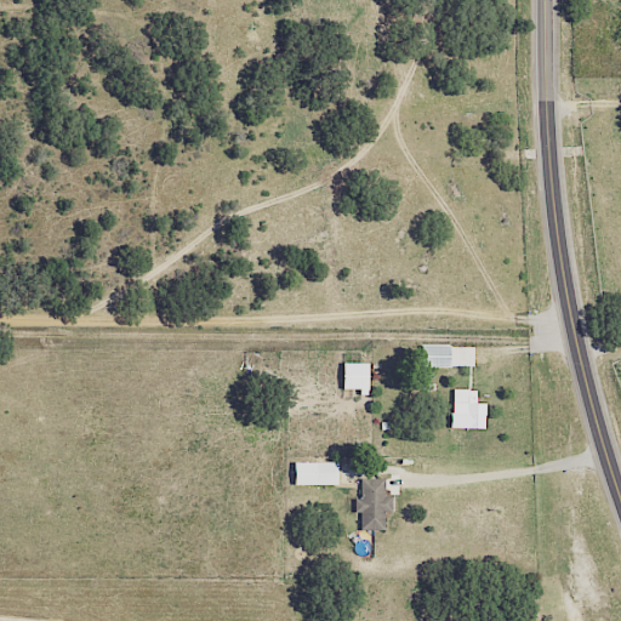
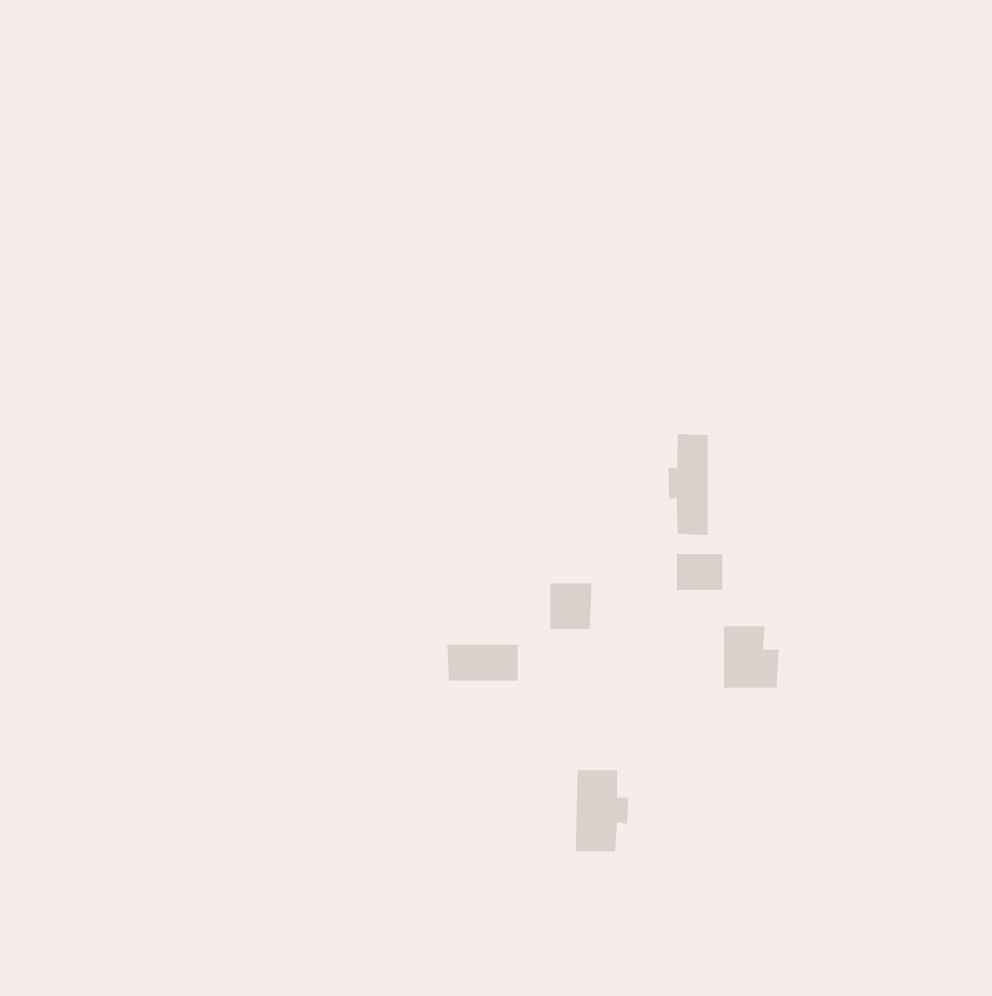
building: none -> [668,433,708,536]
building: [295,462,340,485] -> [446,644,518,681]

